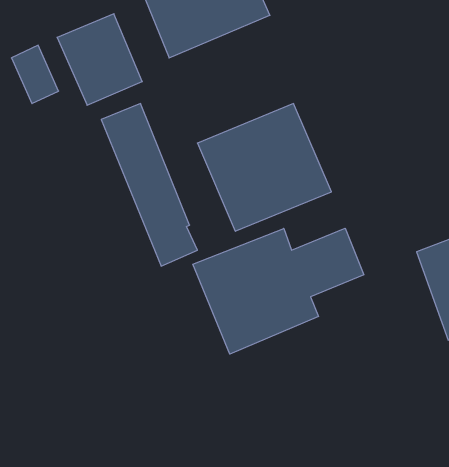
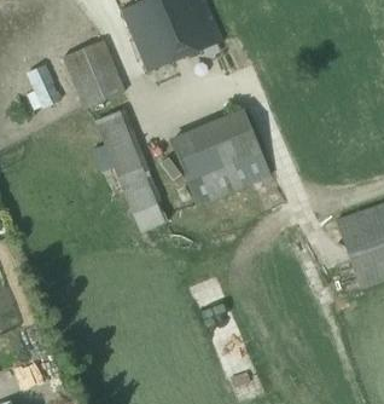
building: [193,228,364,354] -> none

